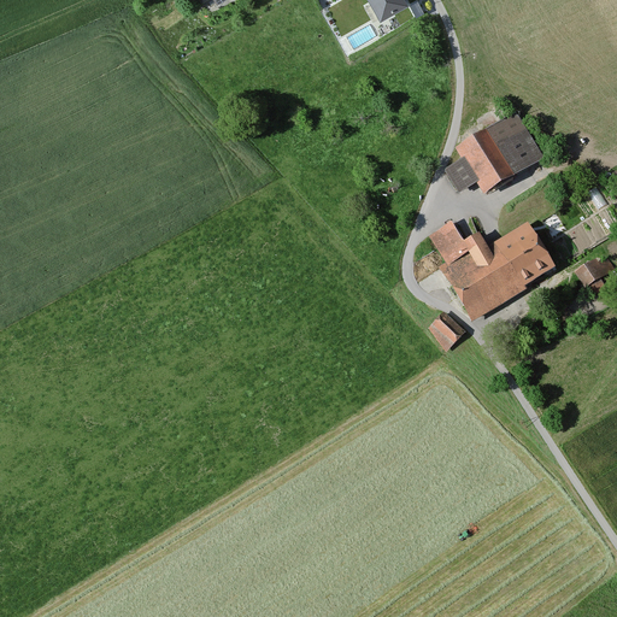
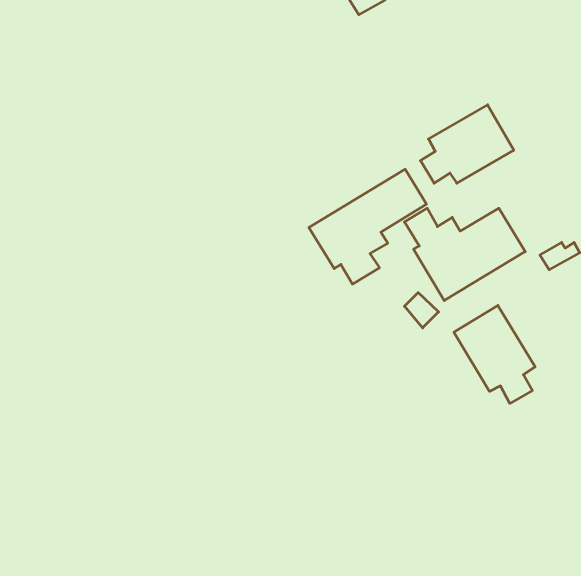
building: none -> [309,169,426,284]
building: none -> [454,305,535,403]

